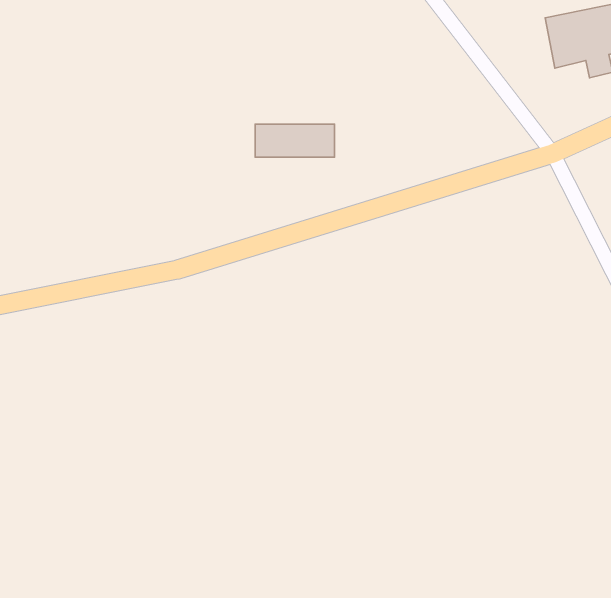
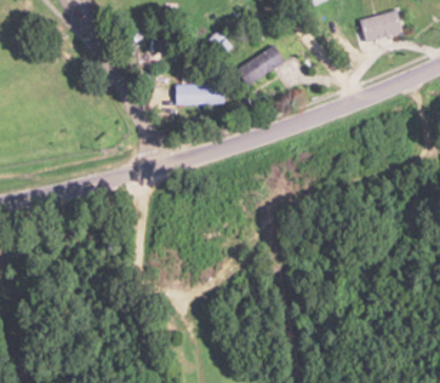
building: none -> [236,44,287,87]

